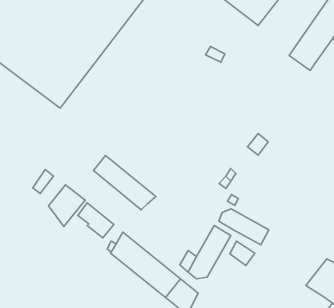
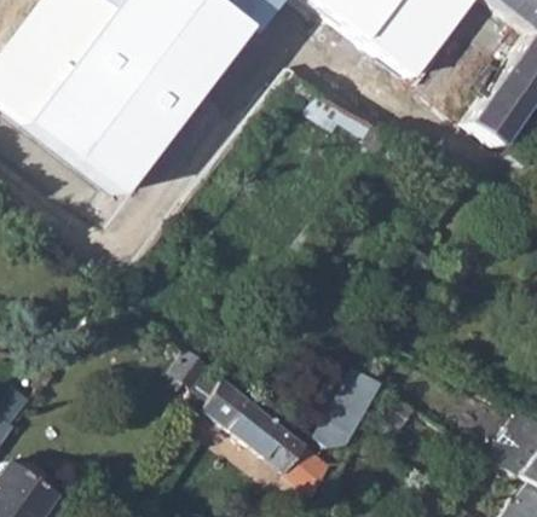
building: [93,155,156,210] -> none
building: [48,185,85,227] -> none
building: [219,209,269,245] -> none

